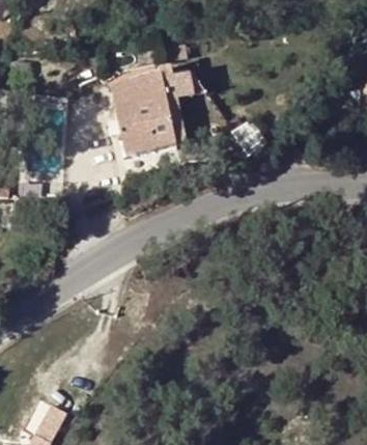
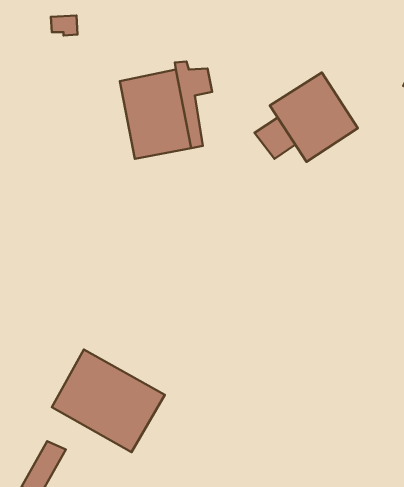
building: none -> [270,72,358,162]
building: none -> [52,349,165,452]

